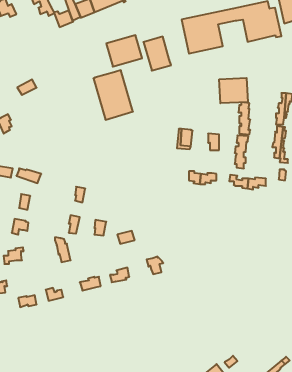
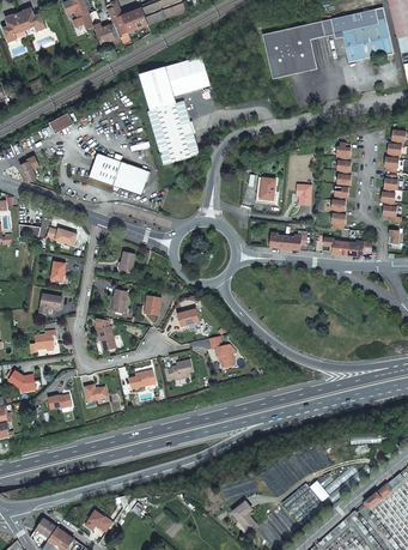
building: [143,37,171,71] -> [138,65,173,109]
building: [219,78,248,103] -> none
building: none -> [89,153,148,194]

